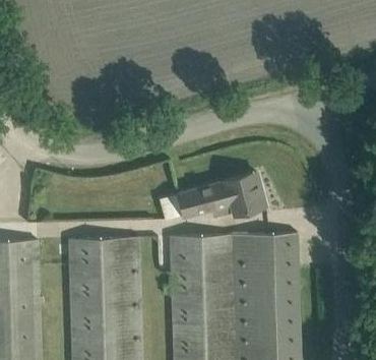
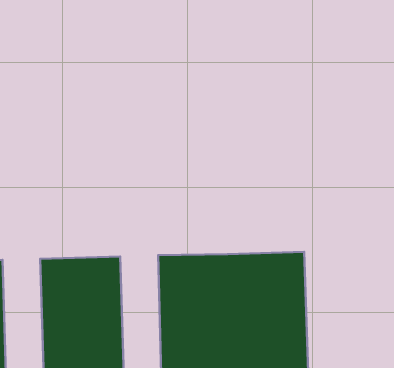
building: [176,175,263,219] -> none

